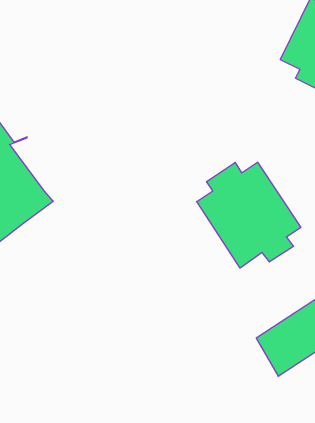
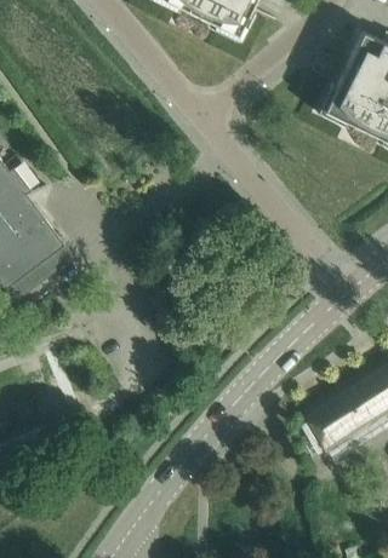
building: [197,162,301,268] -> none

